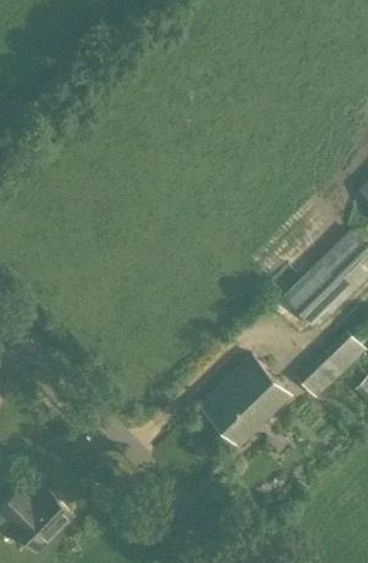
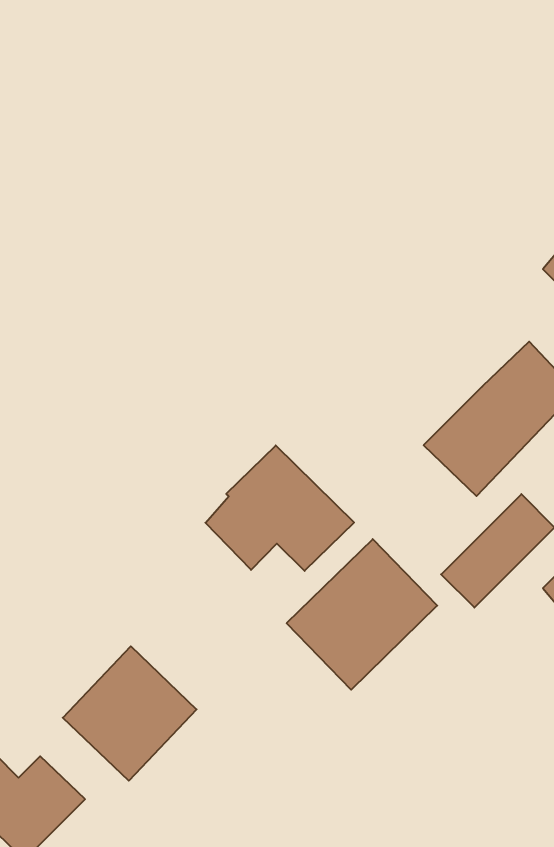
building: none -> [205,445,354,571]
building: none -> [63,646,197,781]

